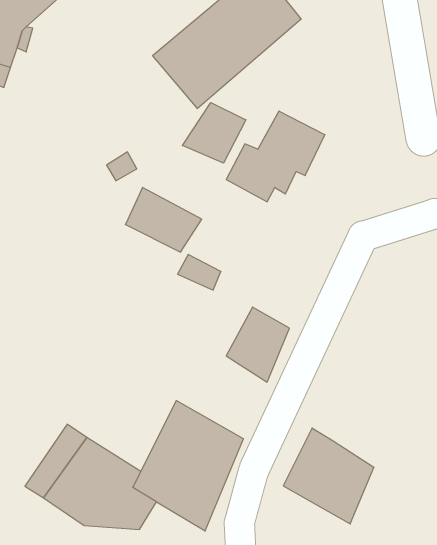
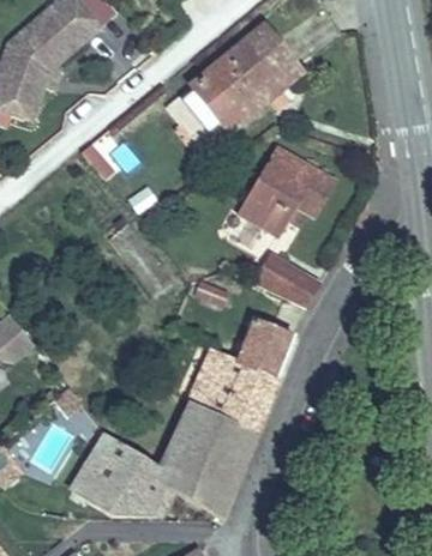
building: [182,103,246,163] -> none
building: [125,188,202,252] -> [257,252,326,310]
building: [283,428,374,524] -> [191,357,274,445]

